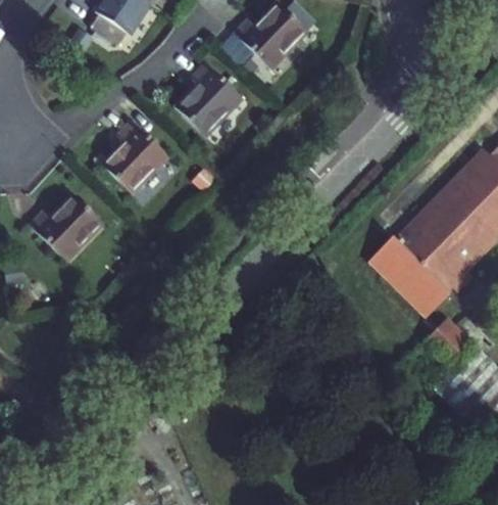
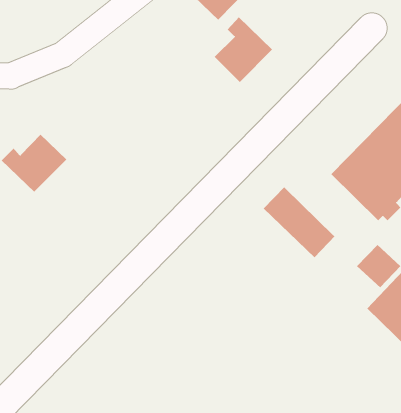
building: [177,61,242,135] -> [214,16,273,83]
building: [101,120,167,193] -> none
building: [368,237,449,317] -> [263,186,336,258]

